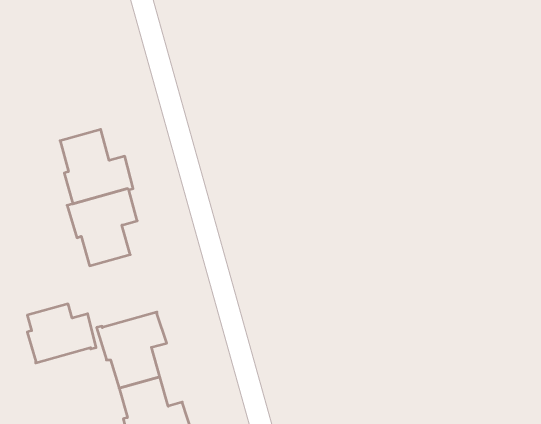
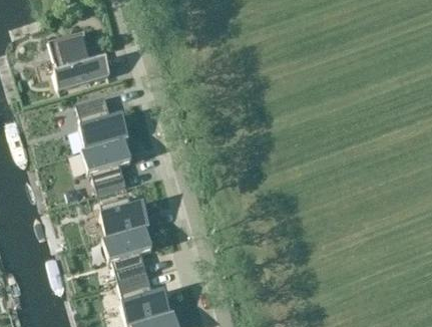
building: none -> [49,31,110,90]
building: [27,304,96,363] -> [100,197,149,239]

